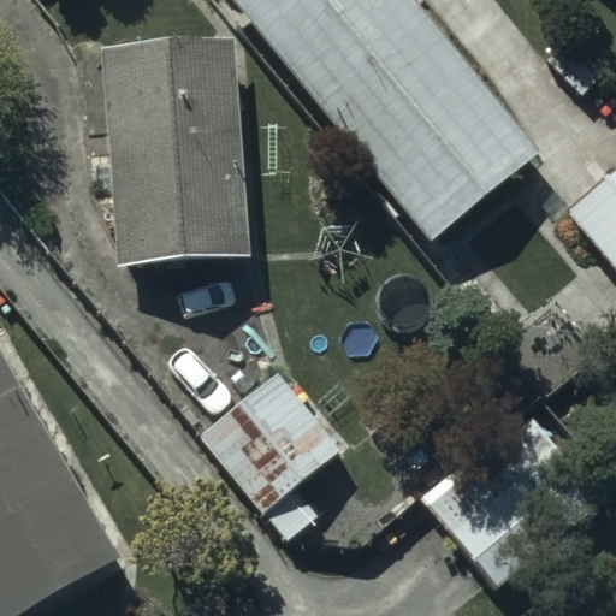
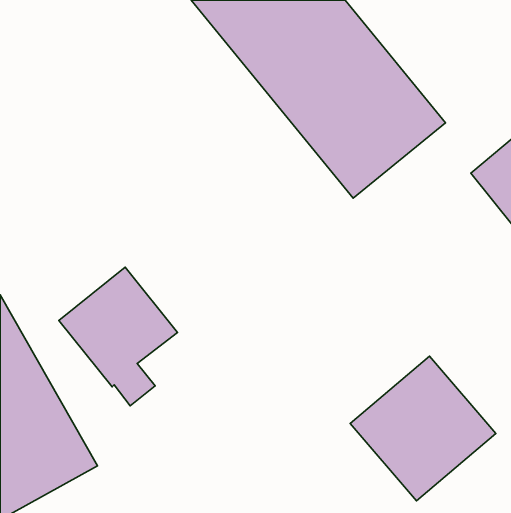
building: [97,30,248,260] -> none
building: [201,368,343,534] -> [59,267,177,406]

